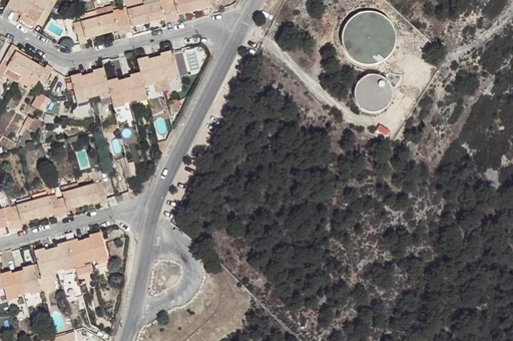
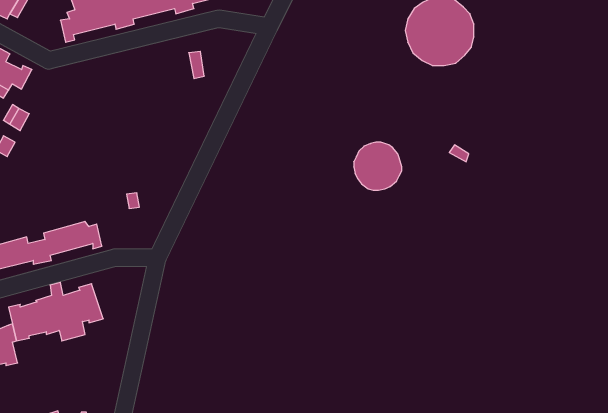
building: [64,51,177,108] -> none
building: [355,75,392,112] -> [354,142,402,190]

